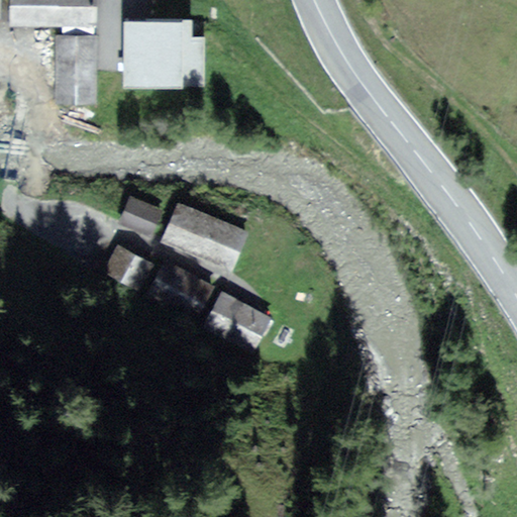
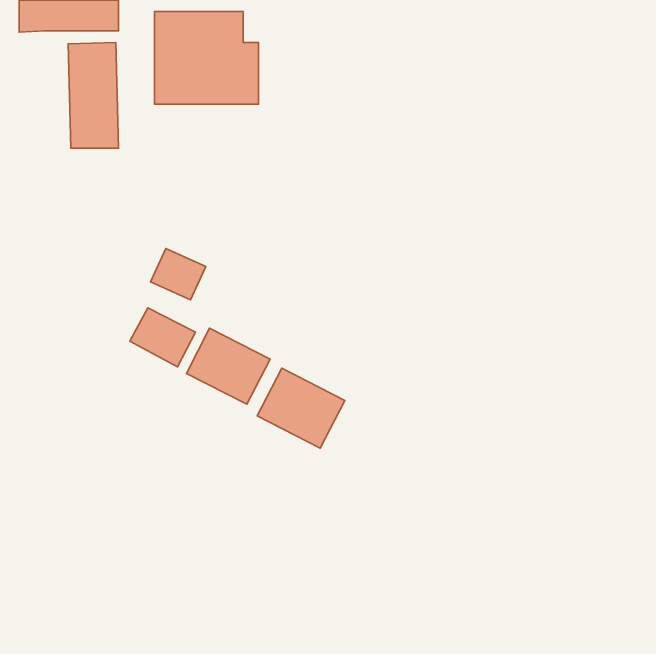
building: [160,201,247,273] -> none

